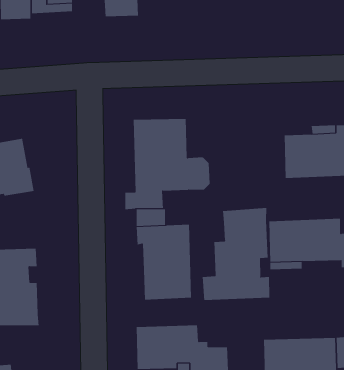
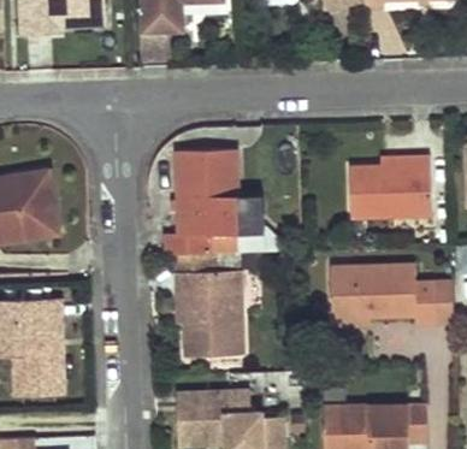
building: [202,207,270,301] -> none

